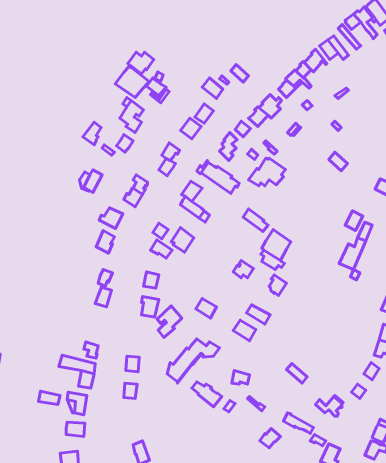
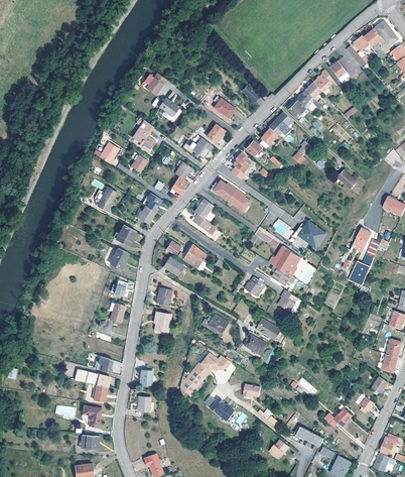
building: [115,67,149,98] -> none
building: [248,158,286,186] -> [288,221,324,248]
building: [157,306,182,338] -> none

